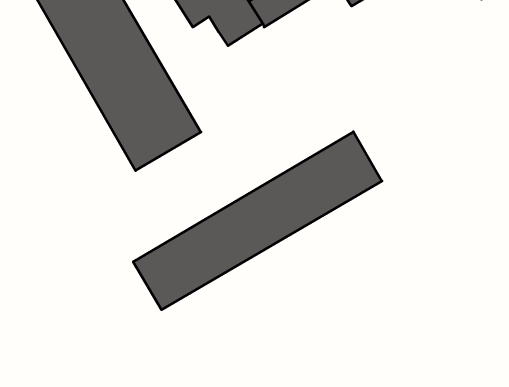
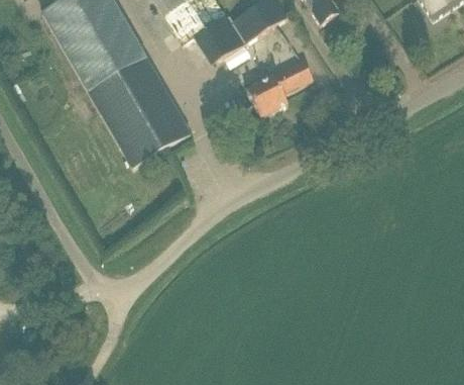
building: none -> [246,61,312,116]
building: [133,132,382,310] -> none

